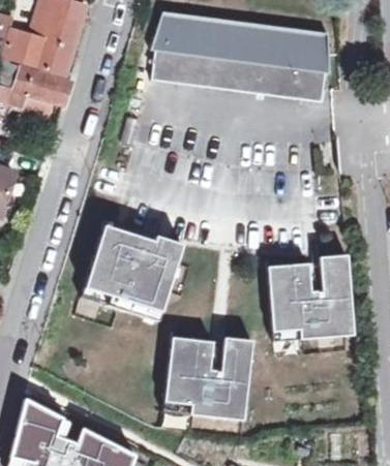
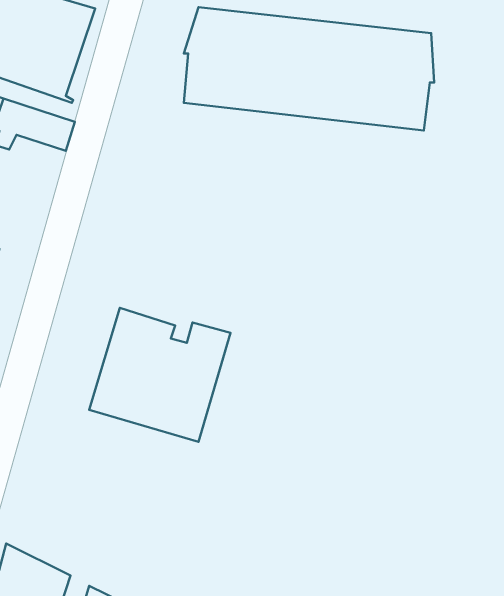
building: [268,251,355,340] -> none
building: [166,336,254,420] -> none

